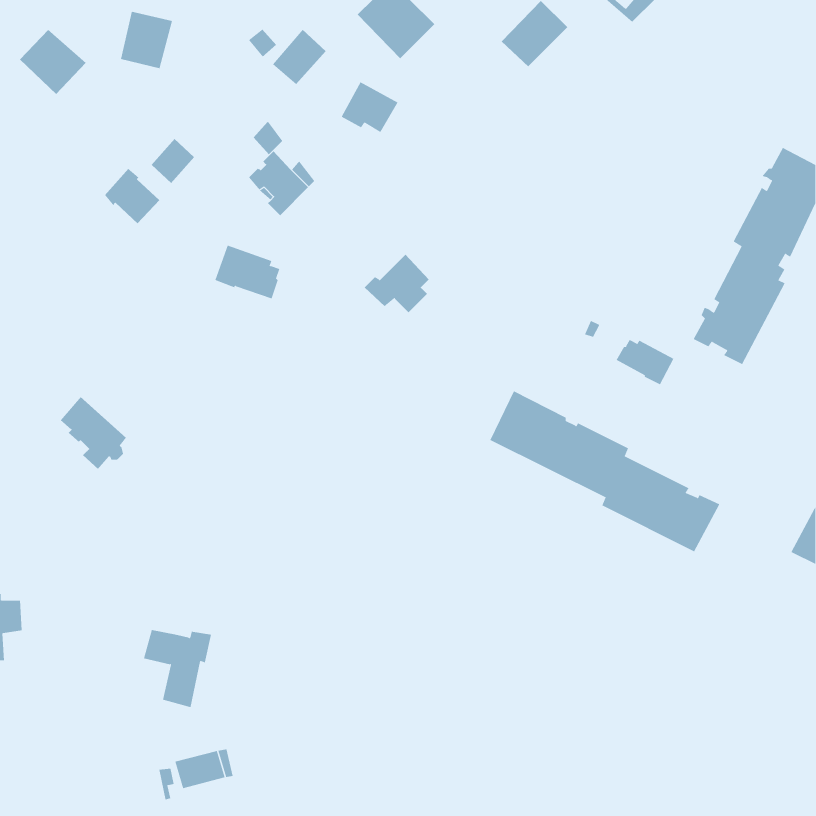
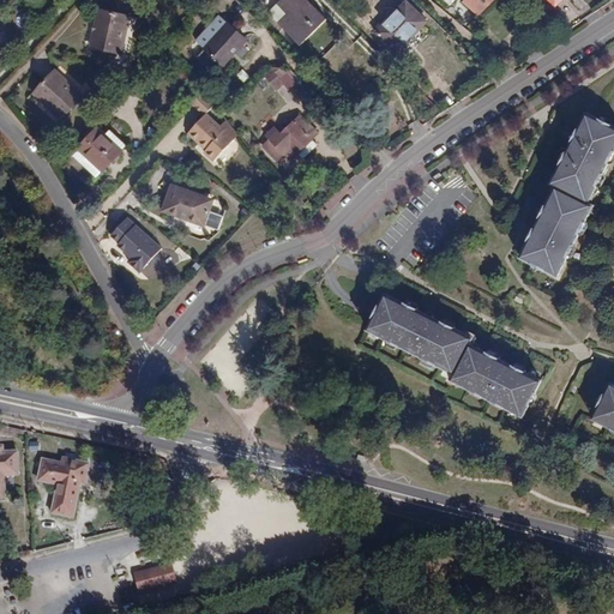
building: [19,29,86,95] -> [32,70,83,119]
building: [151,138,195,184] -> none
building: [364,254,429,313] -> [269,113,318,157]
building: [616,339,674,385] -> none
building: [60,396,127,470] -> [109,216,159,271]
building: [143,630,212,708] -> [36,458,88,517]

